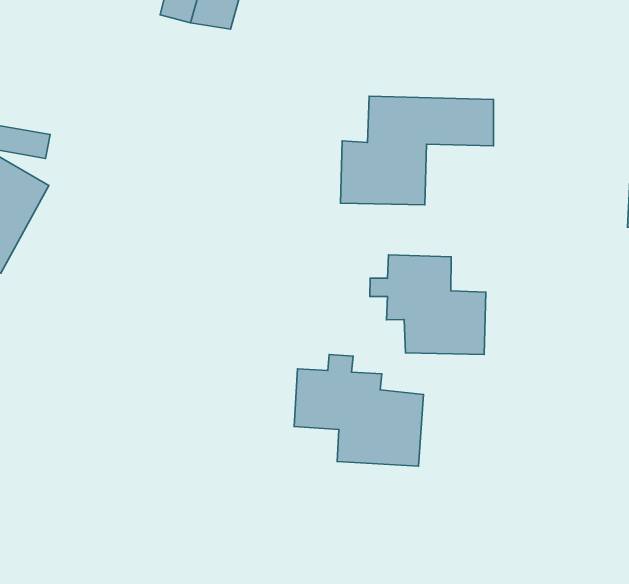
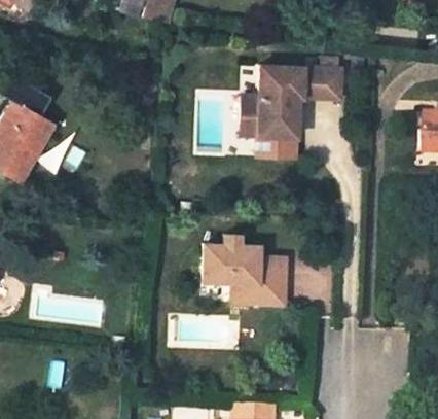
building: [370,255,486,354] -> none

